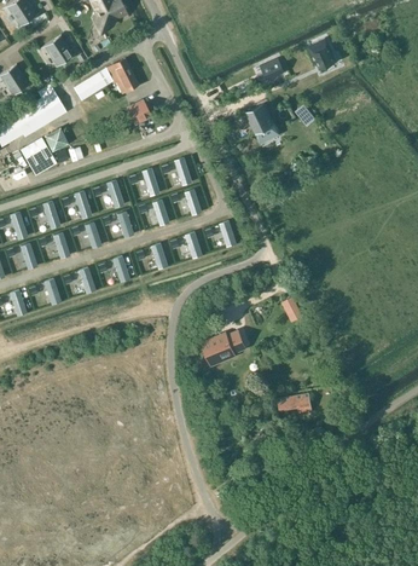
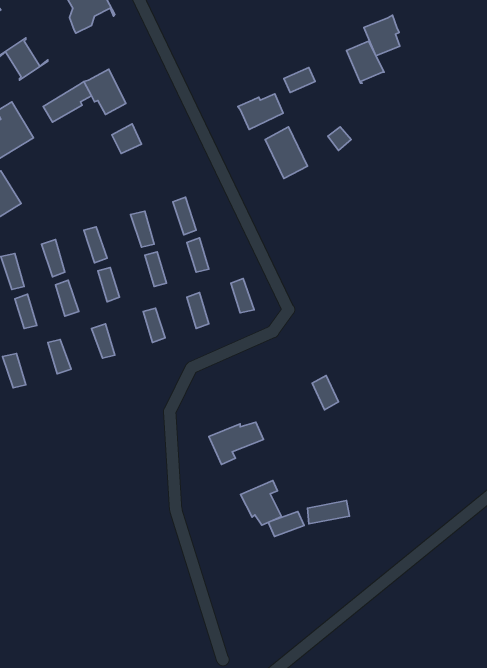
building: none -> [364,15,400,56]
building: none -> [238,94,283,130]
building: none -> [241,480,282,525]

